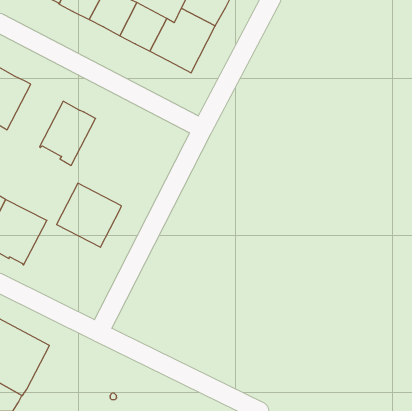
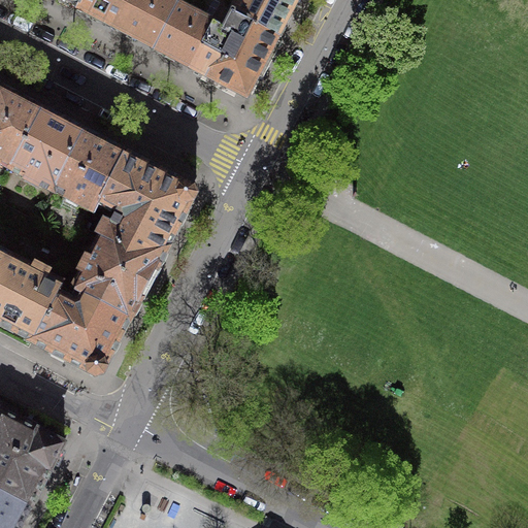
building: none -> [9,107,80,187]
building: none -> [91,151,194,262]
building: none -> [30,280,130,373]

